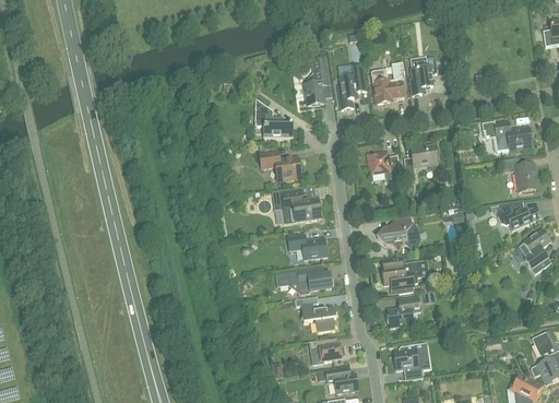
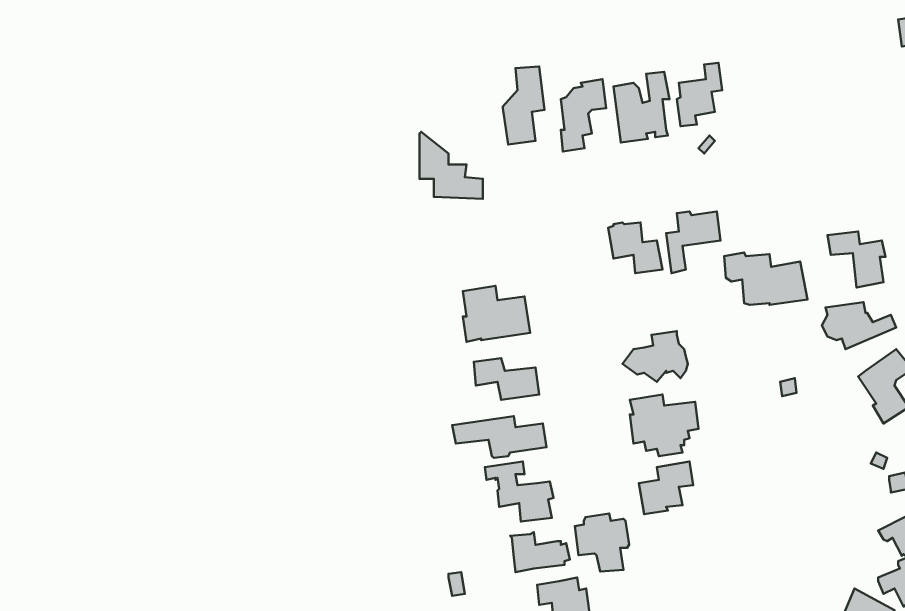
building: [481,120,532,152] -> [724,252,808,305]
building: [259,151,300,180] -> none
building: [393,344,426,379] -> [575,514,629,572]

